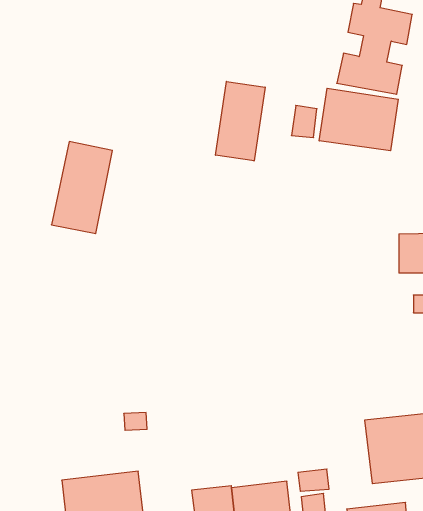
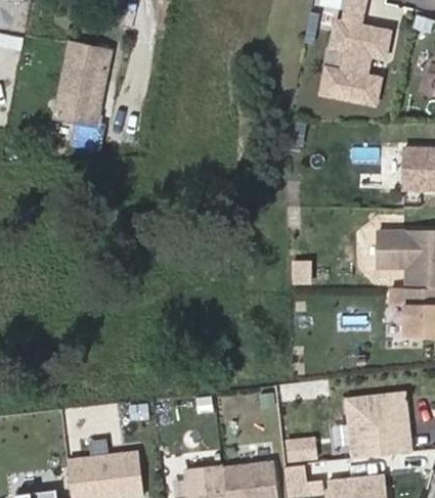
building: [216,81,265,161] -> none
building: [319,88,398,151] -> none
building: [51,142,112,234] -> [54,45,111,130]

